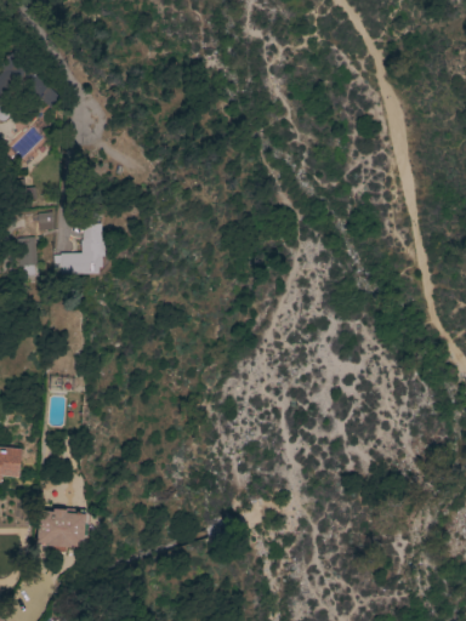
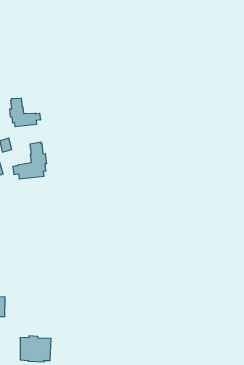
building: none -> [10,98,40,127]

